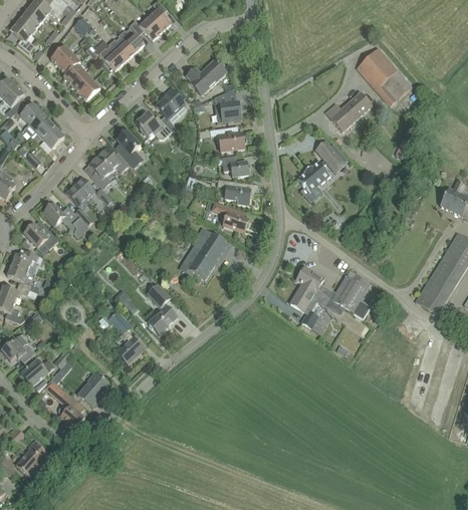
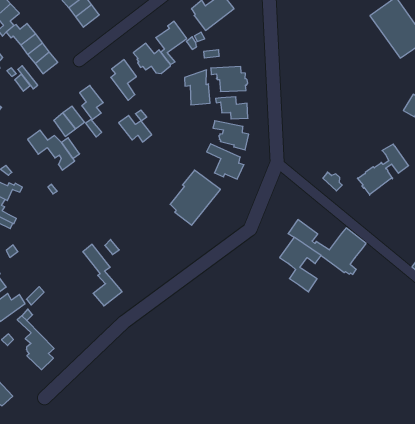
building: [214,87,240,121] -> [185,70,210,105]
building: [329,91,372,131] -> none
building: [296,143,343,193] -> [357,144,409,195]
building: [96,148,129,172] -> [119,115,152,142]
building: [24,223,57,248] -> none
building: [145,275,177,333] -> none
building: [77,371,109,407] -> none

